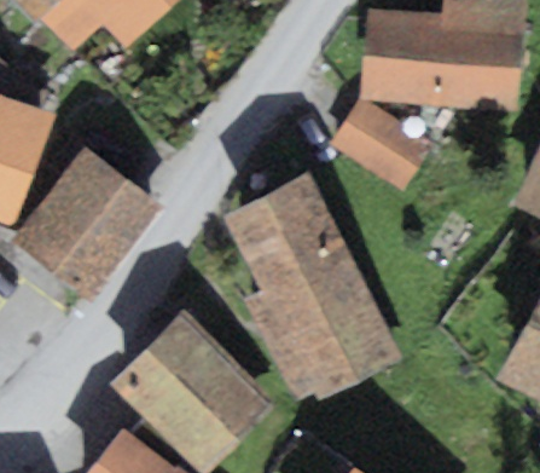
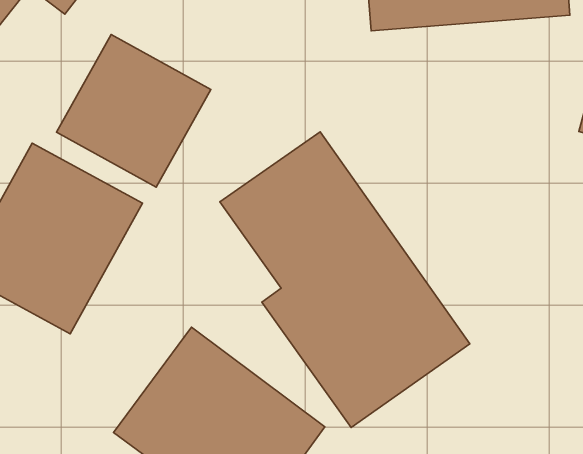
building: none -> [56,34,211,187]
building: [331,99,432,191] -> none

